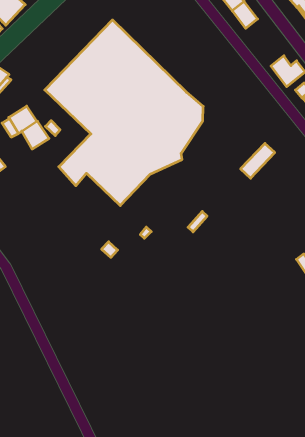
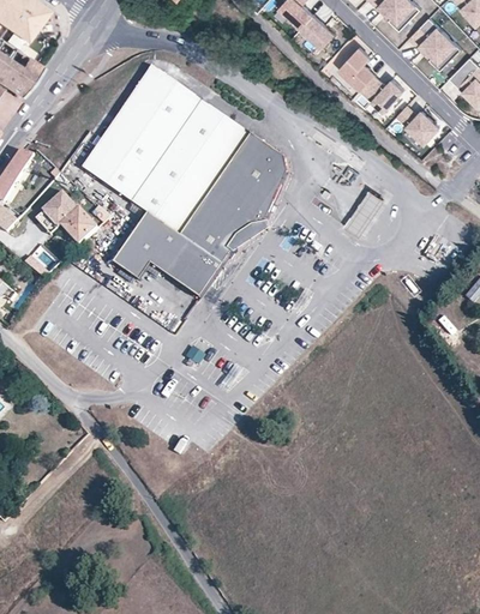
building: none -> [337,47,374,90]

